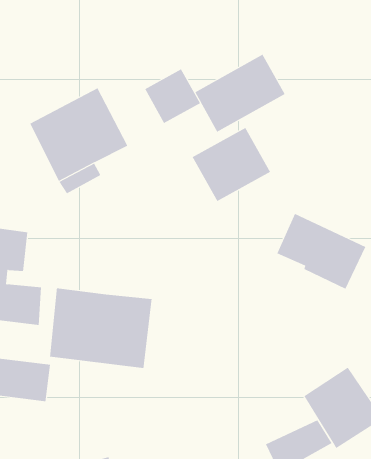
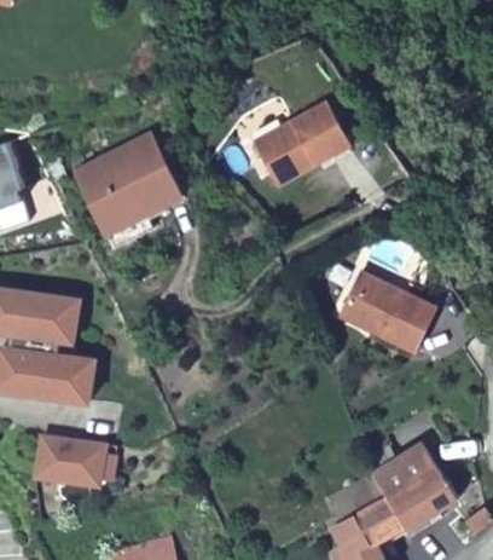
building: [144,68,201,124] -> none
building: [192,127,271,202] -> none
building: [49,287,152,369] -> none

